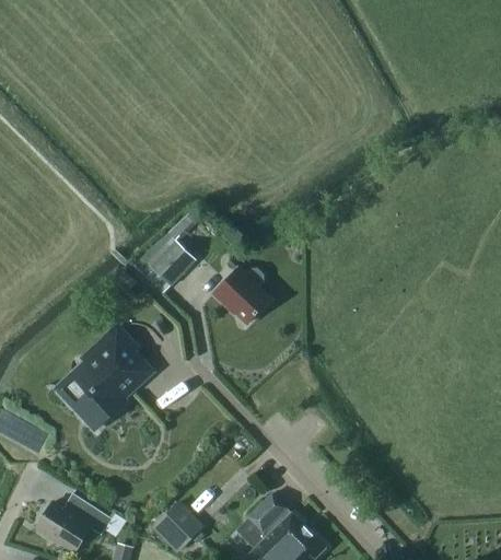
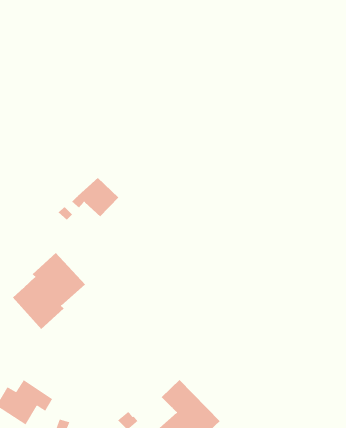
building: [212,269,269,324] -> none
building: [154,501,205,551] -> none

